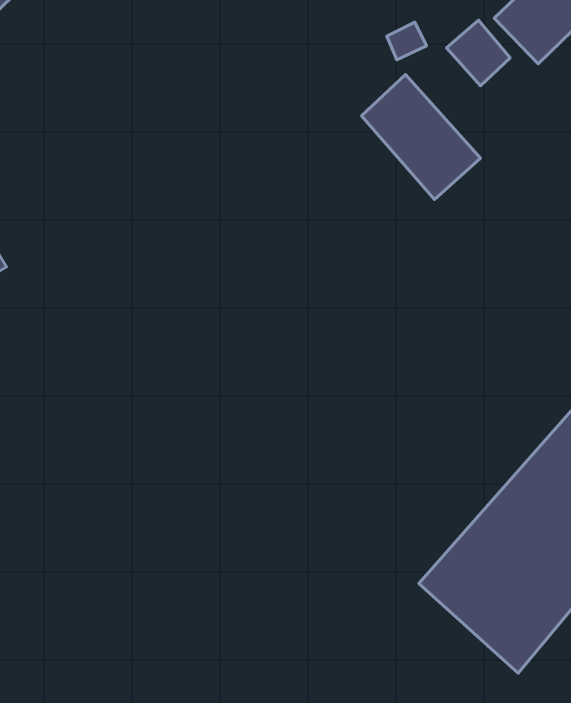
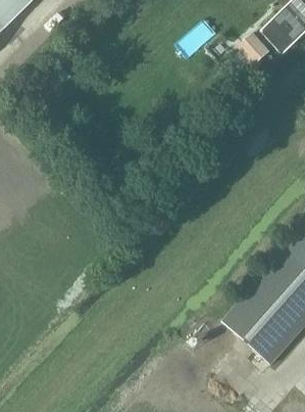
building: [361,75,480,200] -> none

